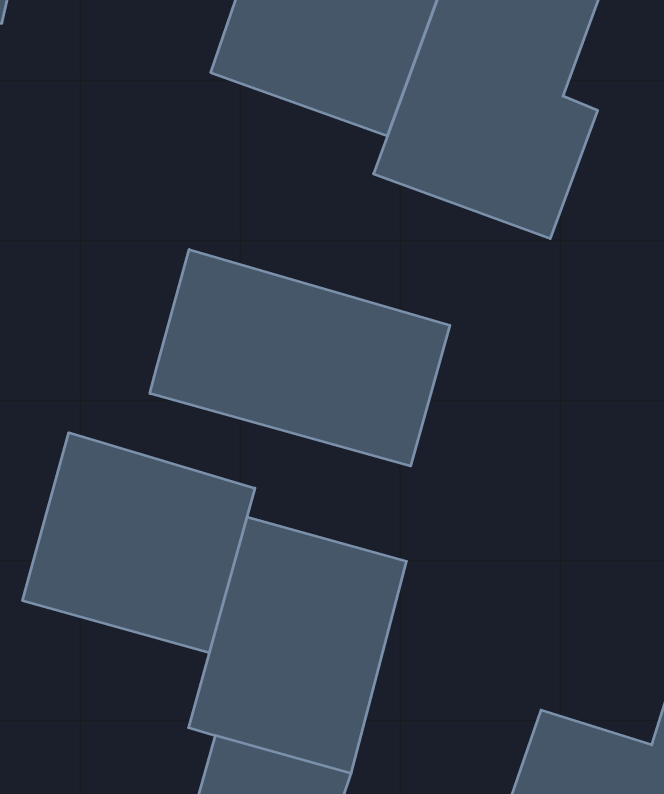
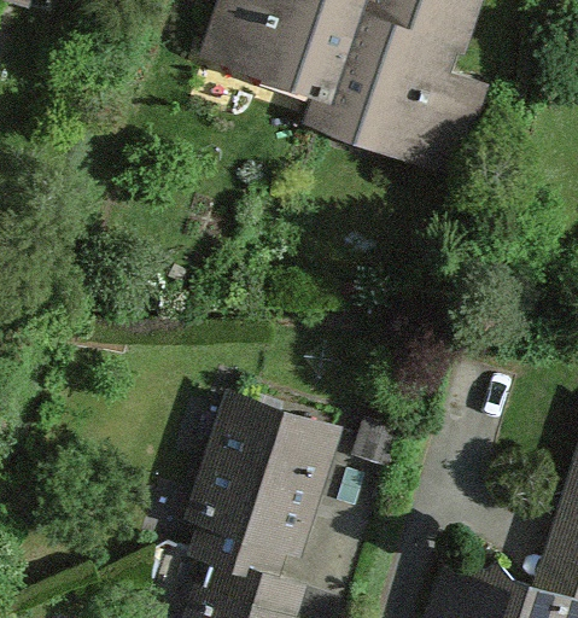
building: [150,249,450,466] -> none
building: [23,433,255,653] -> none

